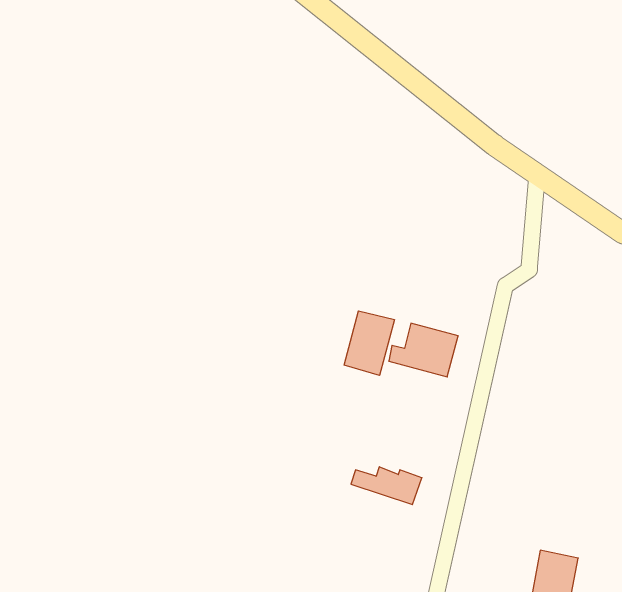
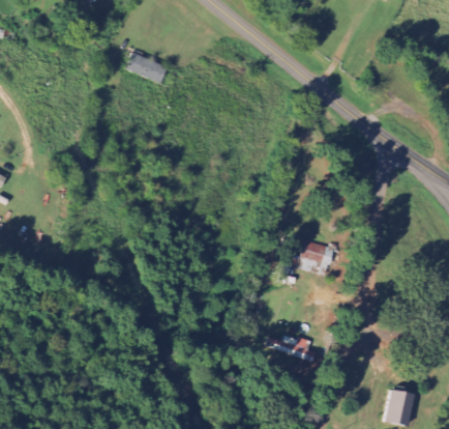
building: none -> [125,53,168,81]
building: [344,311,394,375] -> none

